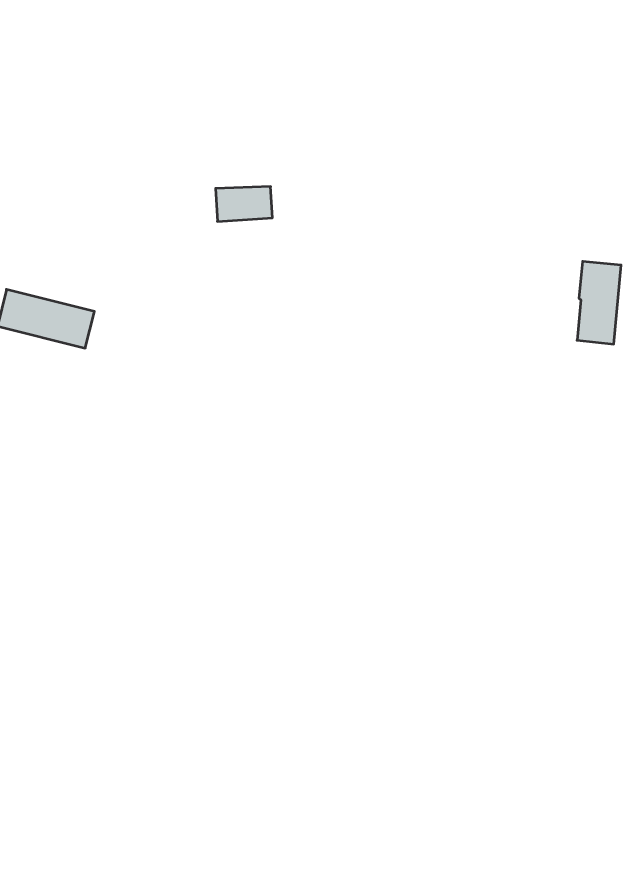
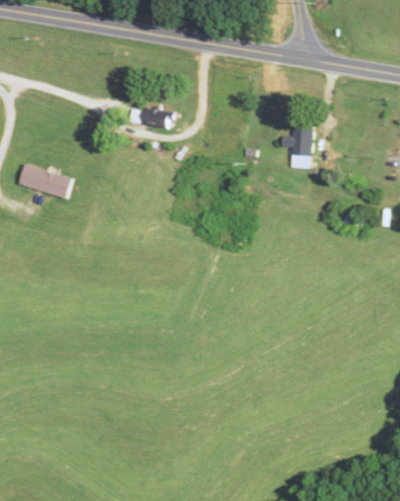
building: [577,261,621,344] -> [289,122,313,168]

